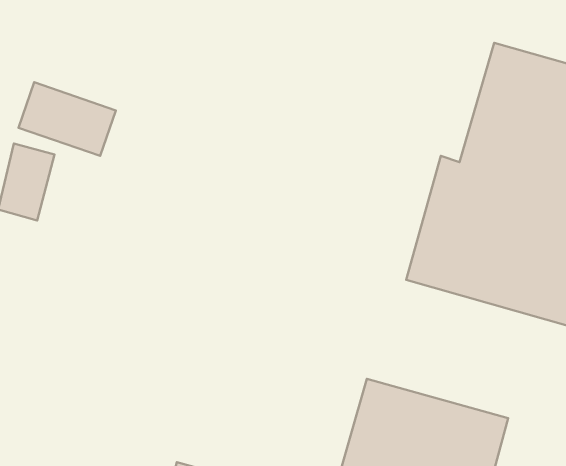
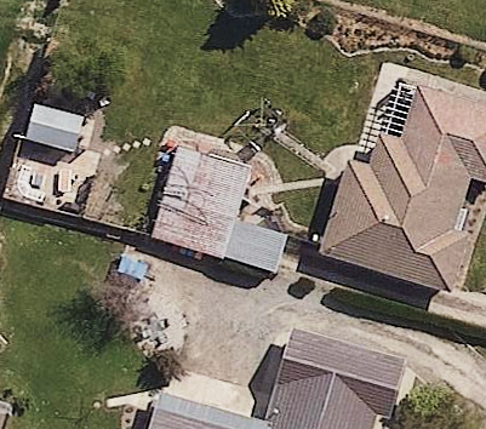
building: none -> [151,148,298,276]

